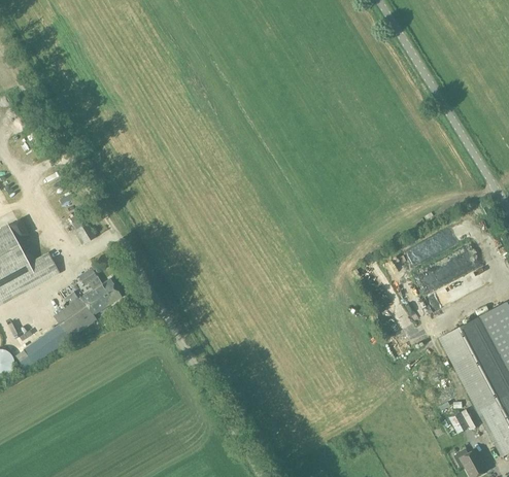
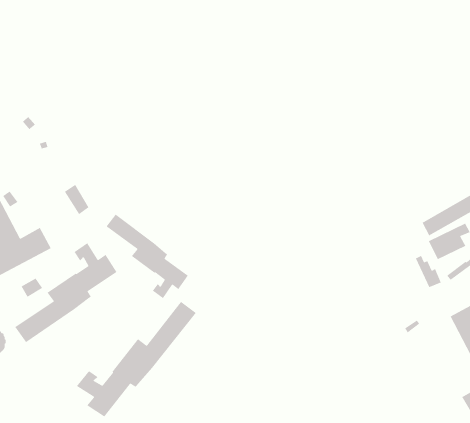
building: none -> [105,214,189,299]
building: none -> [76,301,197,418]

